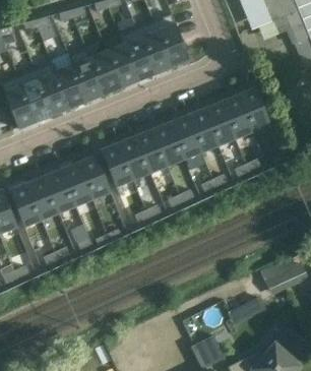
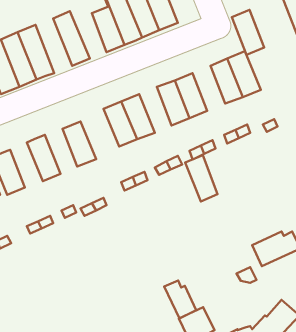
building: [84,49,120,95] -> none
building: [51,56,86,109] -> none
building: [203,102,235,145] -> [232,10,264,55]
building: [151,122,183,167] -> [185,155,218,201]
building: [100,143,132,187] -> none
building: [60,163,91,206] -> none
building: [26,176,58,220] -> none
building: none -> [164,280,196,318]

